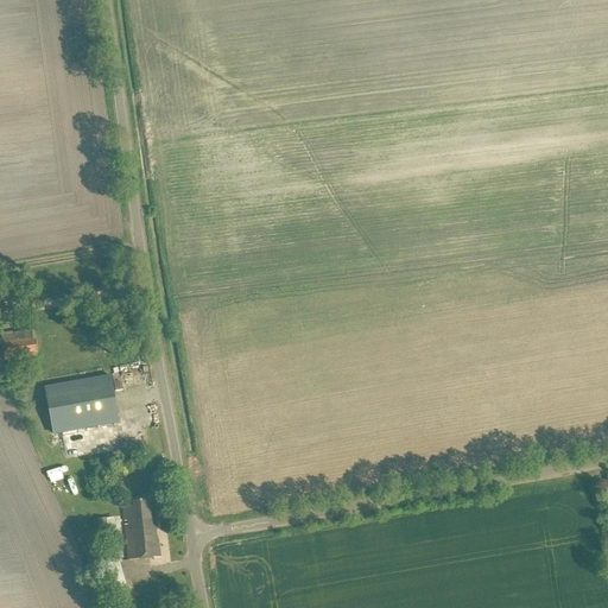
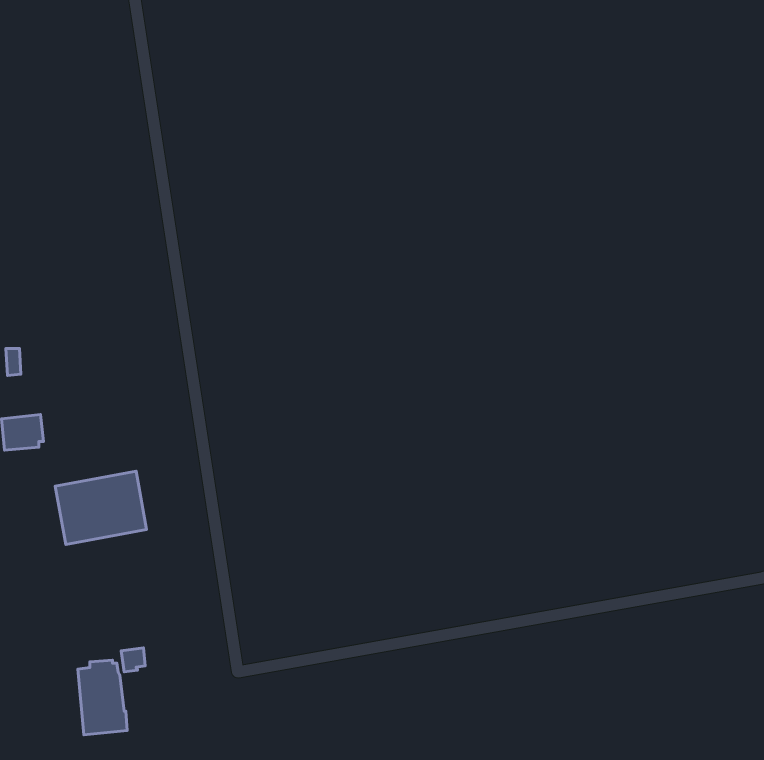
building: [122,499,162,558] -> [78,660,127,735]

